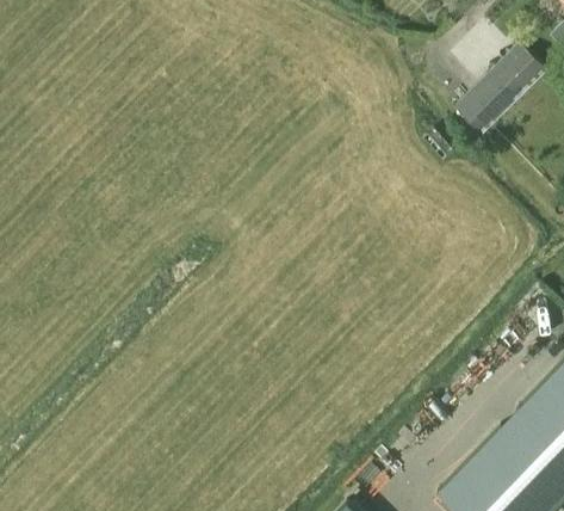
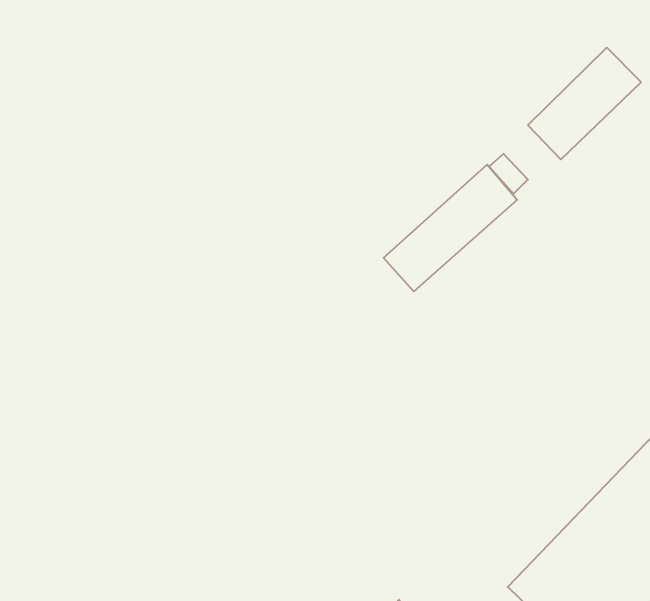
building: none -> [384,165,517,291]

